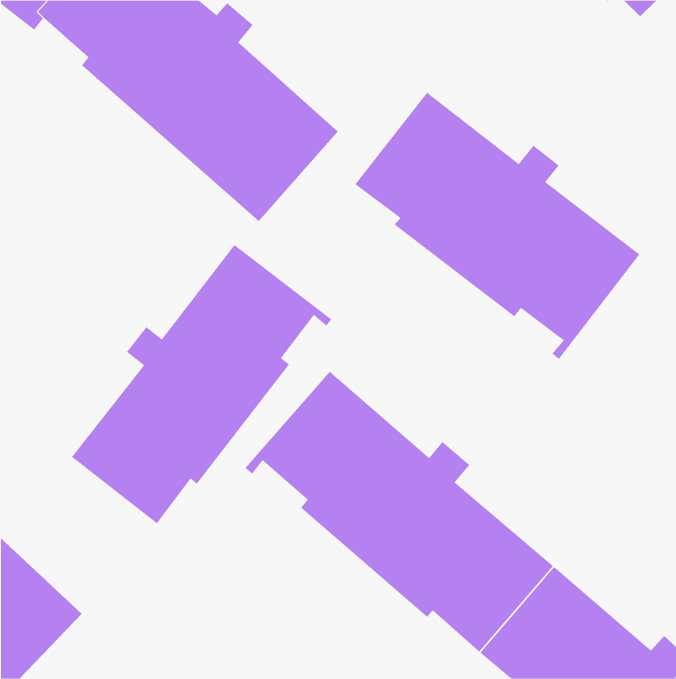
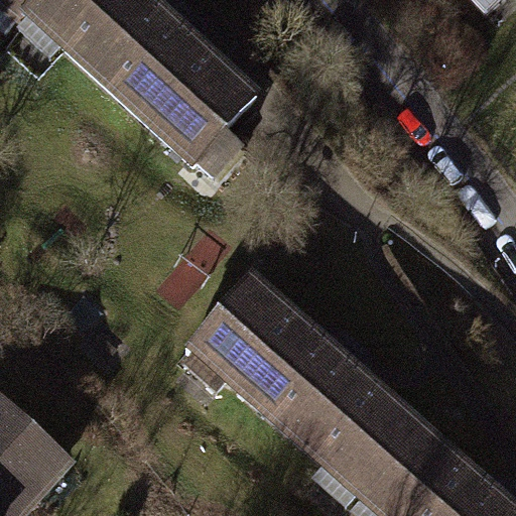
building: [355,92,640,360] -> none
building: [71,244,332,524] -> none

